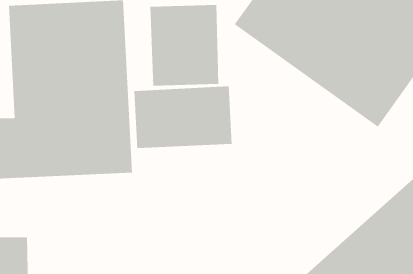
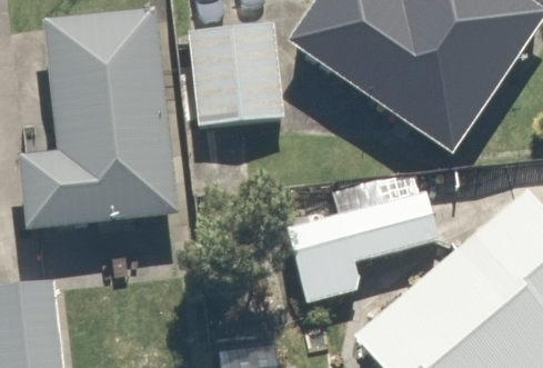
building: [134,85,232,149] -> none
building: none -> [292,216,443,315]

